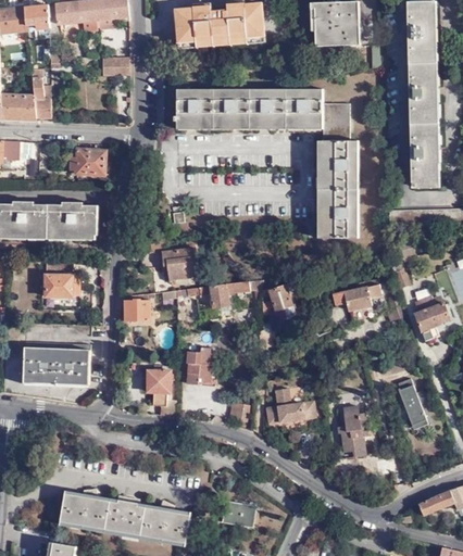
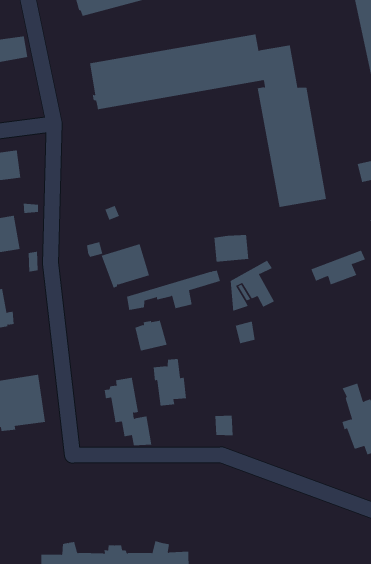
building: none -> [214,234,249,263]
building: [124,295,149,319] -> [135,320,167,351]
building: [264,386,314,421] -> none
building: [223,502,255,525] -> none

